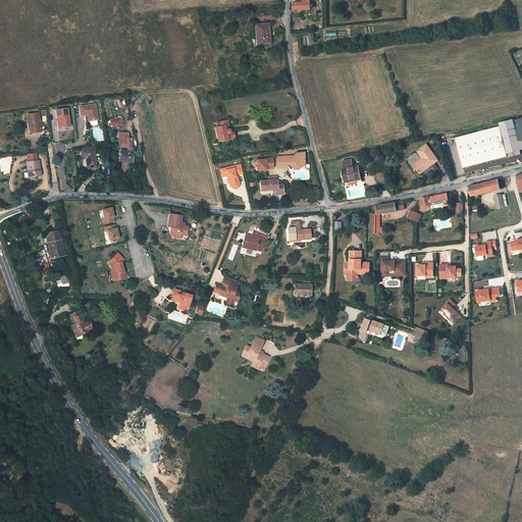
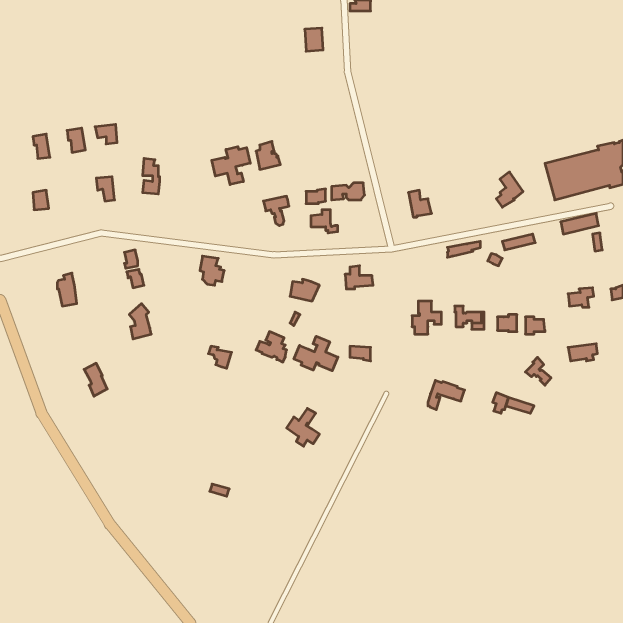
building: none -> [212,147,250,185]
building: none -> [294,336,338,371]

